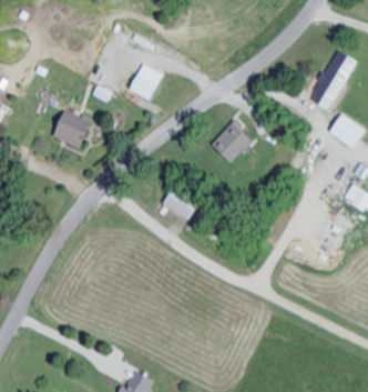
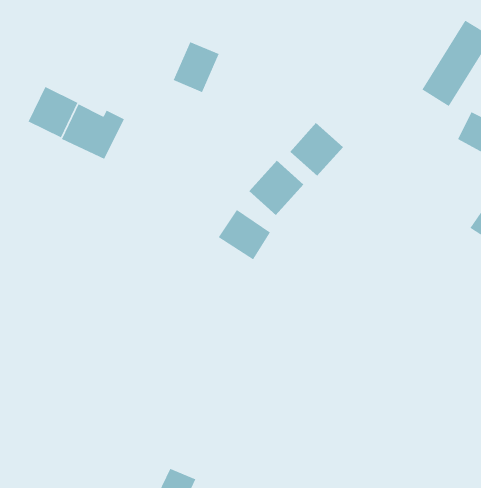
building: none -> [28,86,78,138]
building: none -> [249,160,304,216]

